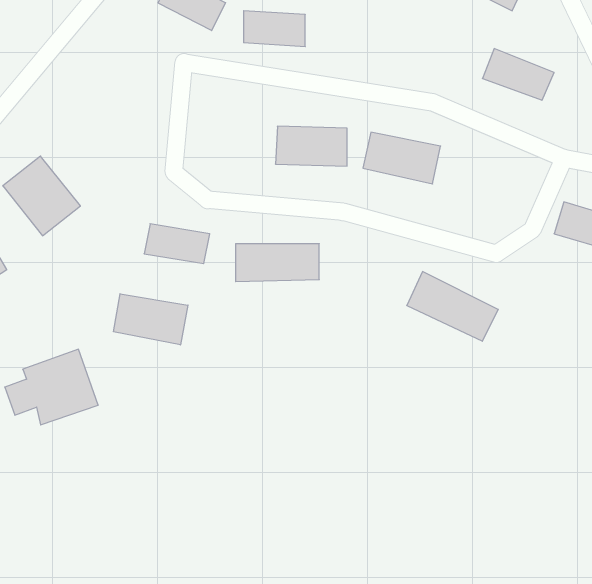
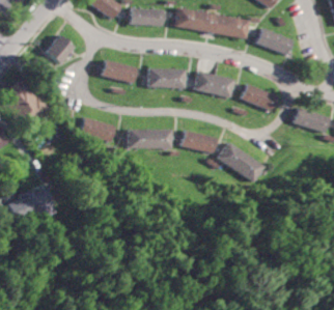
building: none -> [176,8,250,37]
building: none -> [46,34,75,63]
building: none -> [103,60,137,81]
building: none -> [241,83,277,110]
building: none -> [179,130,215,153]
building: [114,294,188,345] -> none

